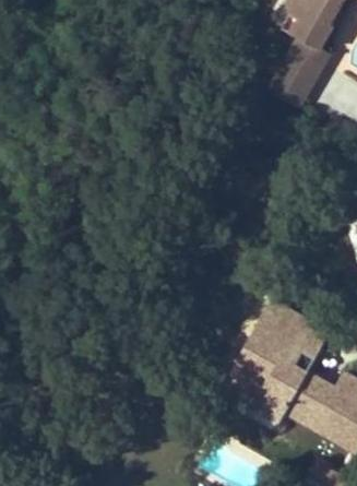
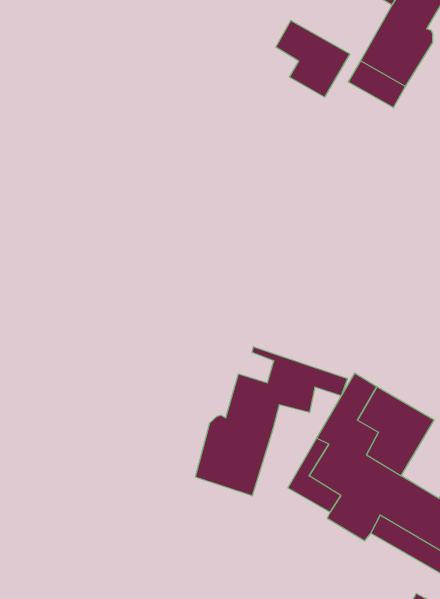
building: none -> [276,20,350,97]
building: none -> [196,347,348,496]

